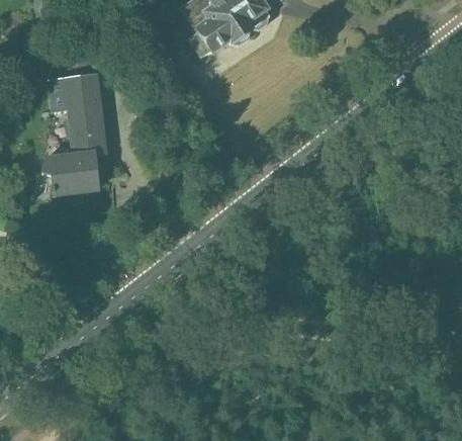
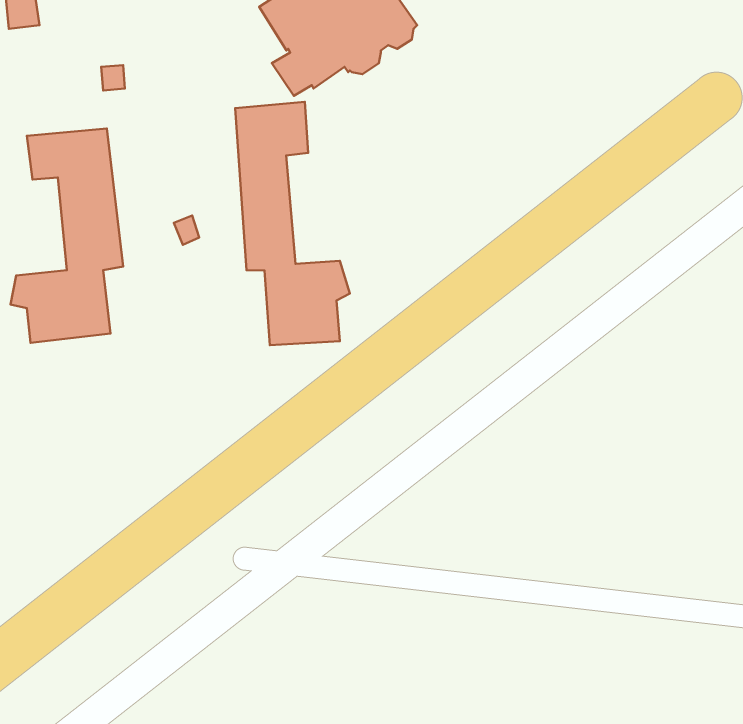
building: none -> [235,102,350,345]

